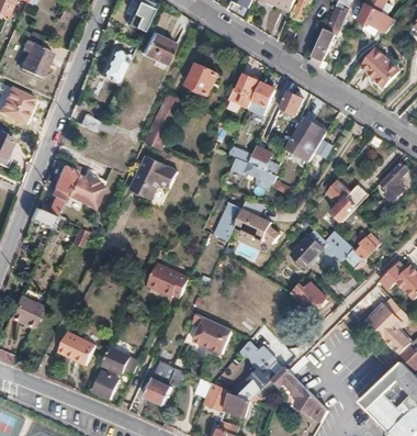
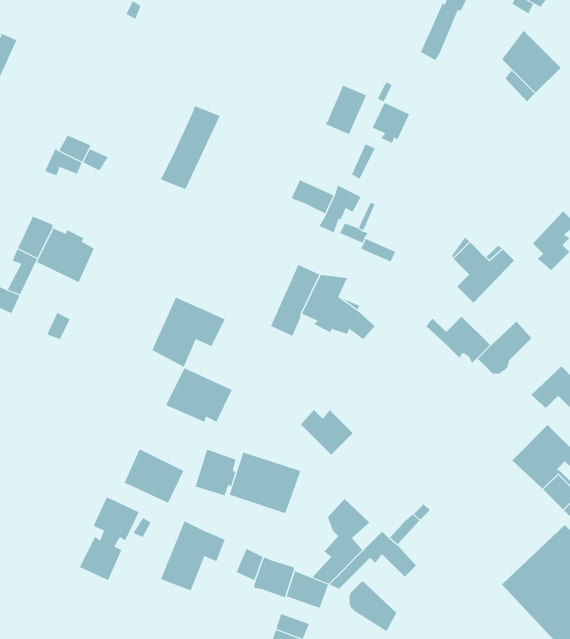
building: [142,32,176,64] -> none
building: [100,47,129,83] -> none
building: [187,64,217,93] -> none
building: [229,72,257,105] -> none
building: [285,115,325,160] -> none
building: [132,154,179,199] -> [151,297,226,367]
building: [295,235,327,266] -> none
building: [292,281,326,311] -> [300,409,353,456]
building: none -> [195,449,236,496]
building: [58,329,97,365] -> [124,449,184,504]
building: [298,388,329,421] -> [349,580,397,632]

